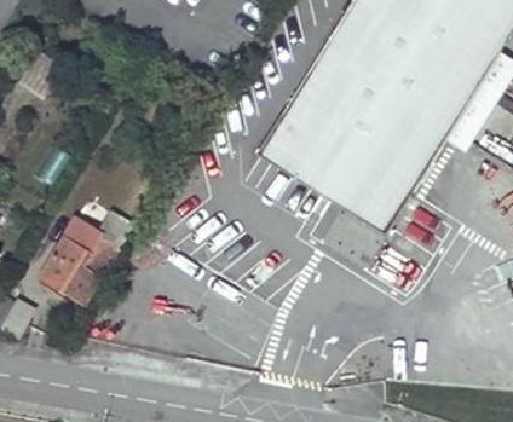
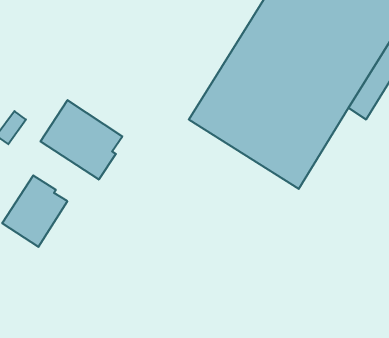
building: none -> [41,100,122,180]

